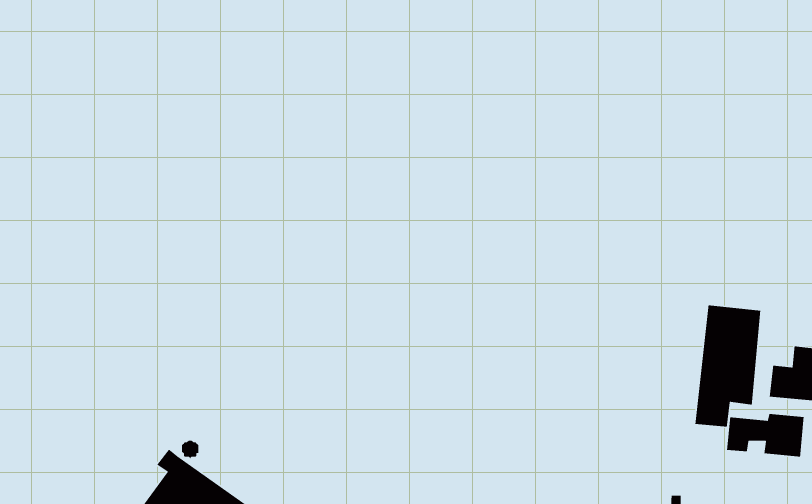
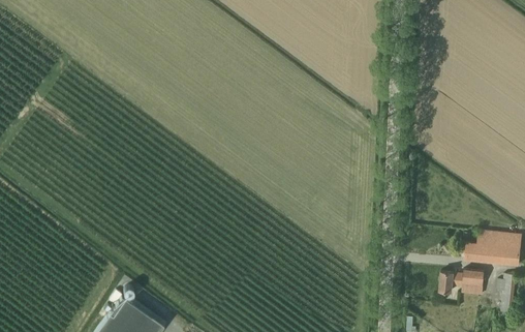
building: [694,305,761,427] -> none

